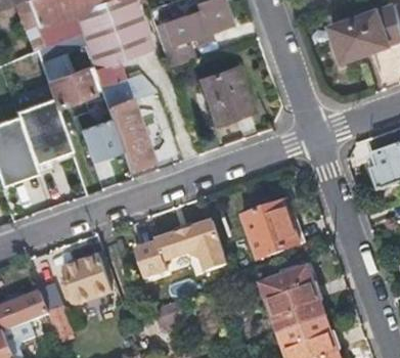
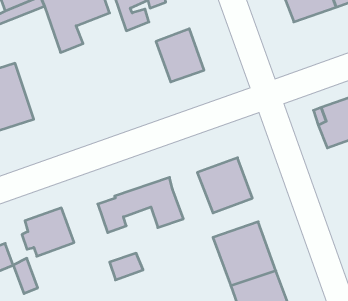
building: [45,66,93,106] -> none
building: [100,82,153,168] -> none
building: [80,122,115,166] -> none

